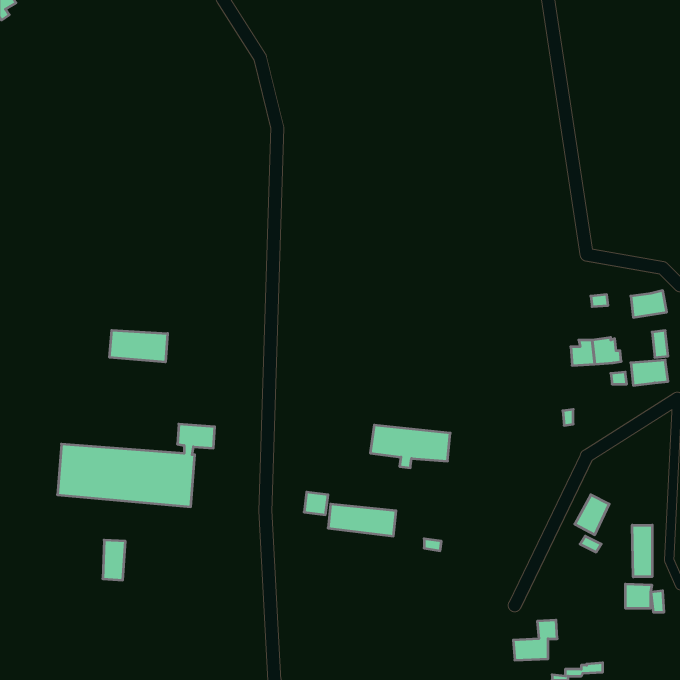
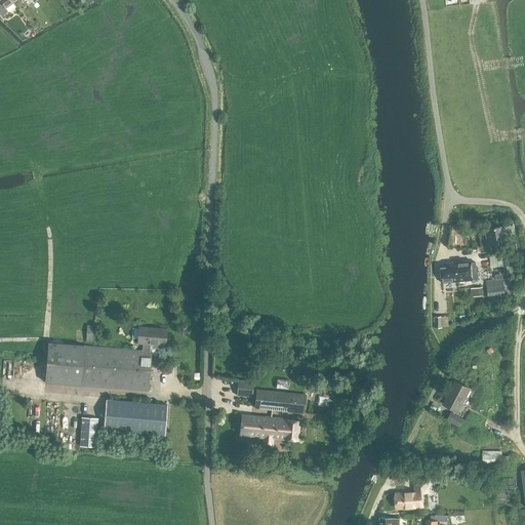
building: [110,330,168,362] -> none
building: [370,425,450,468] -> [238,413,299,446]
building: none -> [103,399,166,435]
building: [632,525,652,577] -> none

